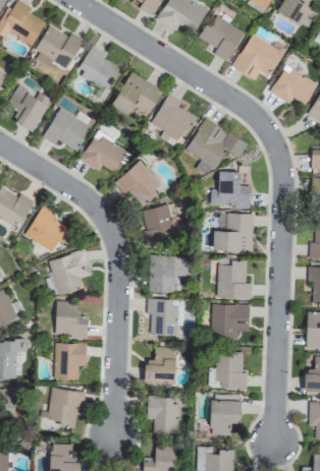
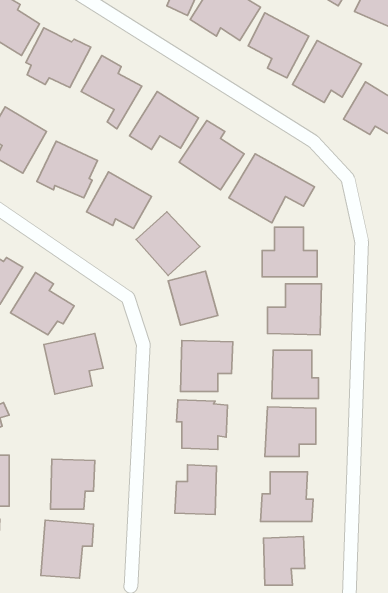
building: [55,301,89,340] -> none
building: [150,397,178,433] -> none

